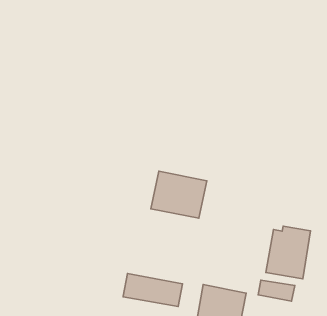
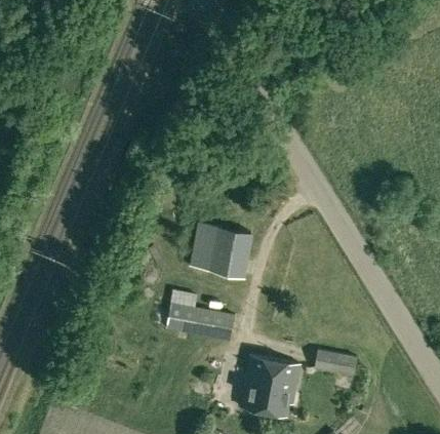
building: [266,226,311,279] -> none
building: [123,273,183,306] -> [166,303,236,342]

